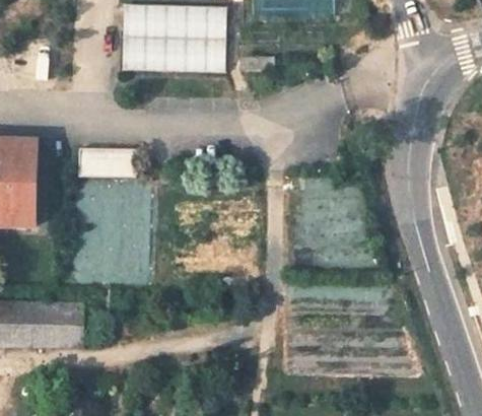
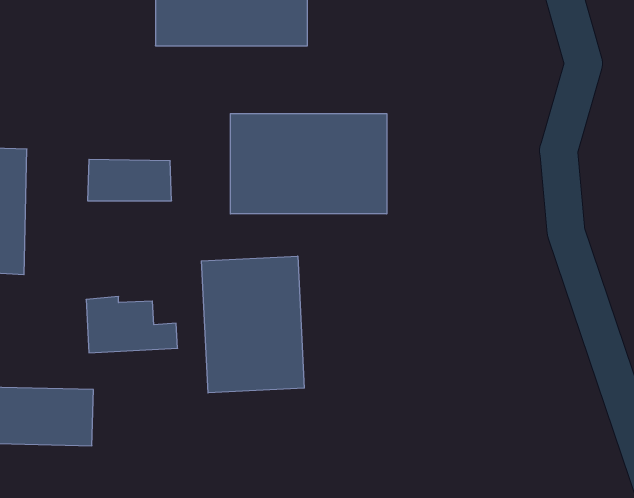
building: none -> [230,114,387,214]
building: none -> [201,256,304,393]

